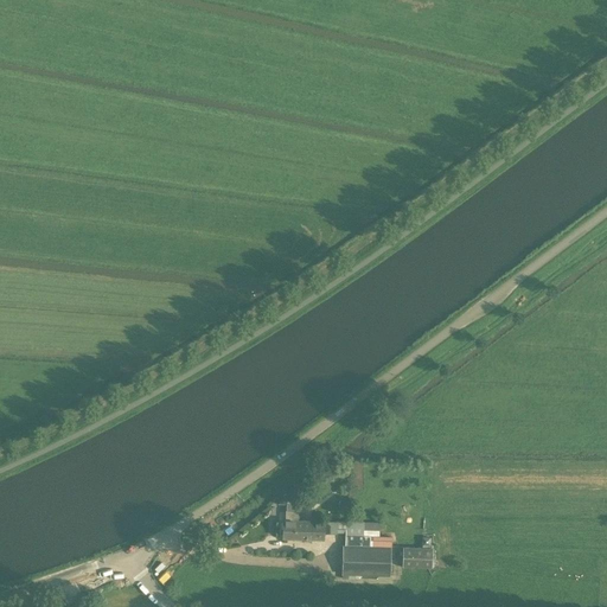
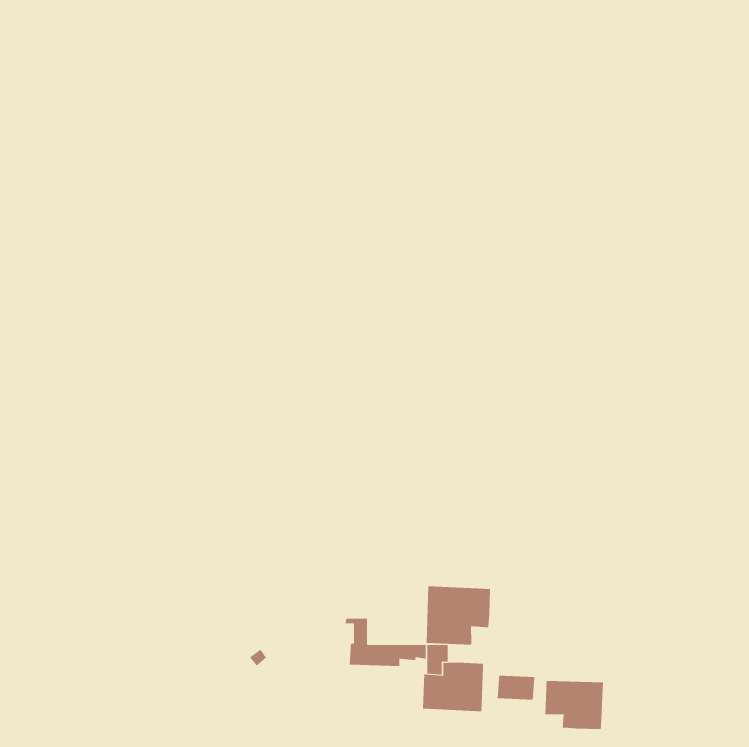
building: none -> [426,585,491,645]
building: none -> [545,680,604,730]

